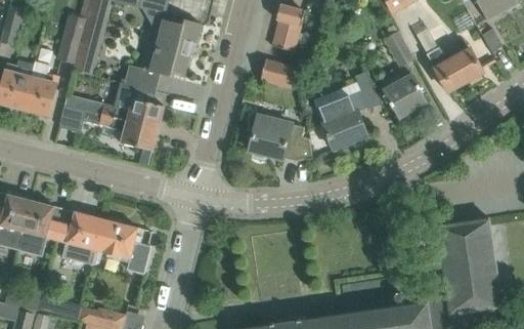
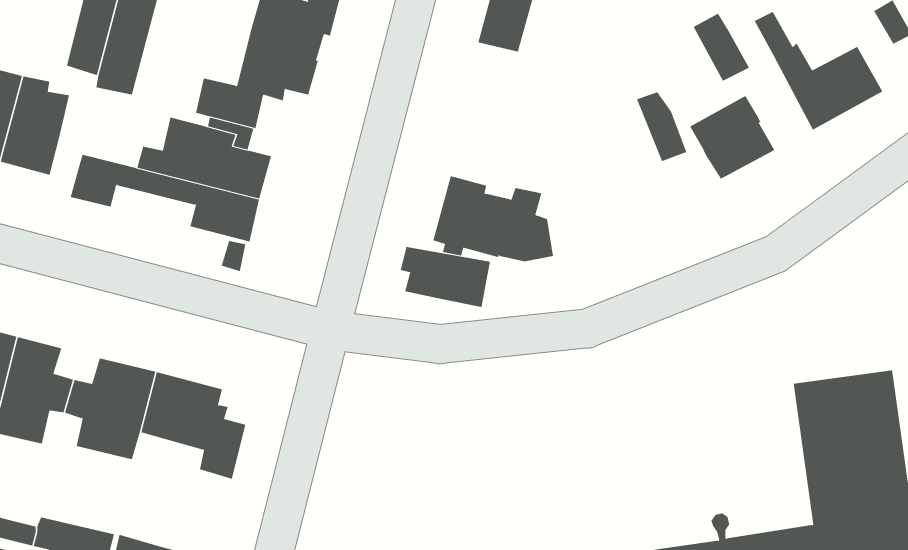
building: [260,59,299,88] -> none
building: [316,91,366,149] -> none
building: none -> [400,246,490,308]

